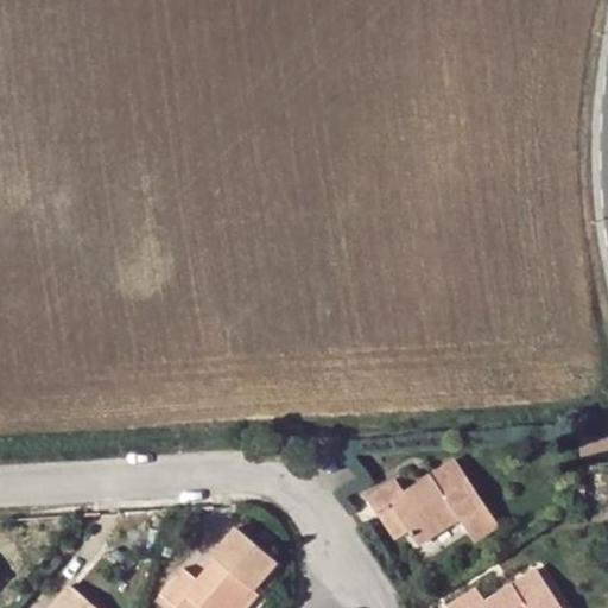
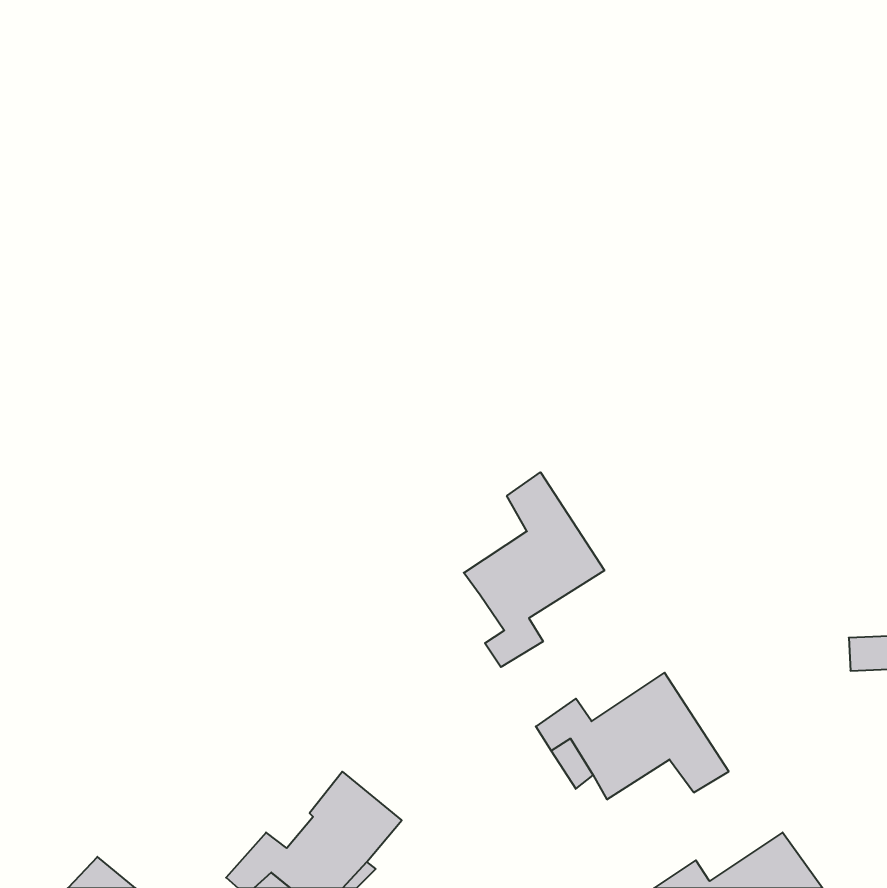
building: none -> [464,472,604,667]

